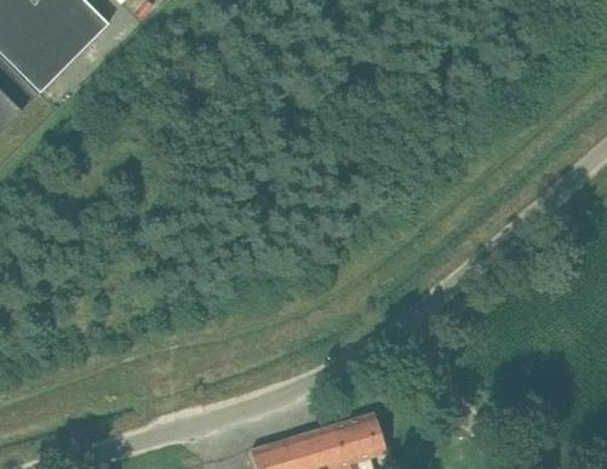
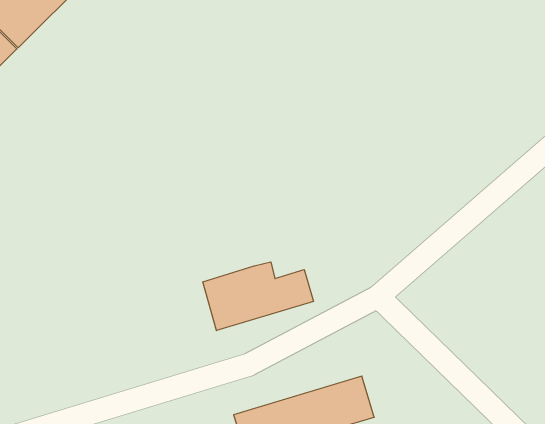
building: none -> [203,262,314,331]

